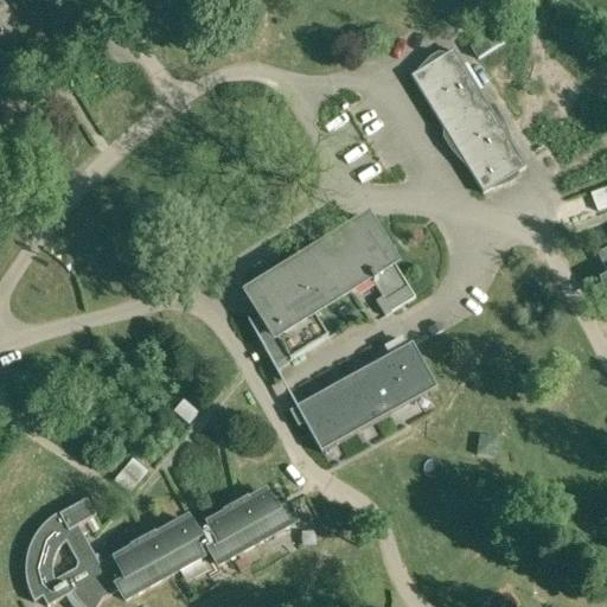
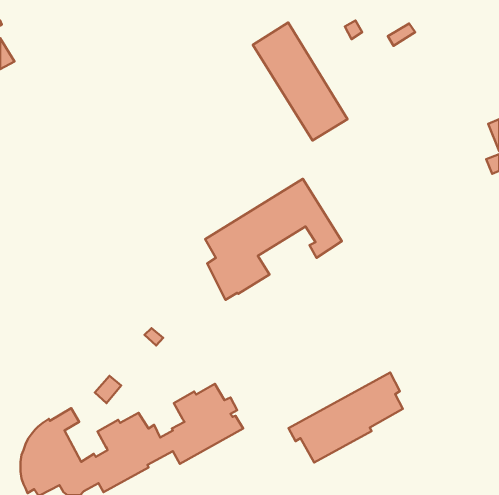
building: [411,46,526,190] -> [253,22,348,140]
building: [289,340,428,449] -> [289,373,403,462]

